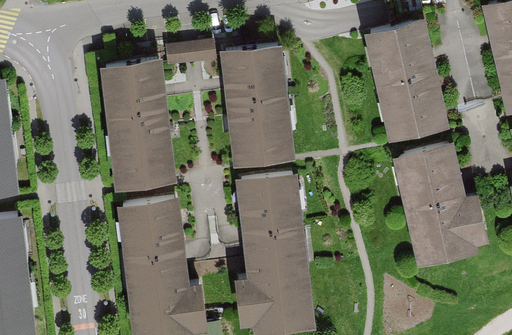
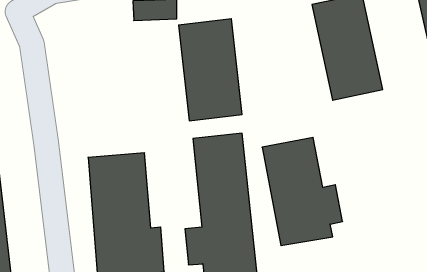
building: [101,62,176,185] -> none
building: [396,142,486,263] -> [262,137,343,246]

